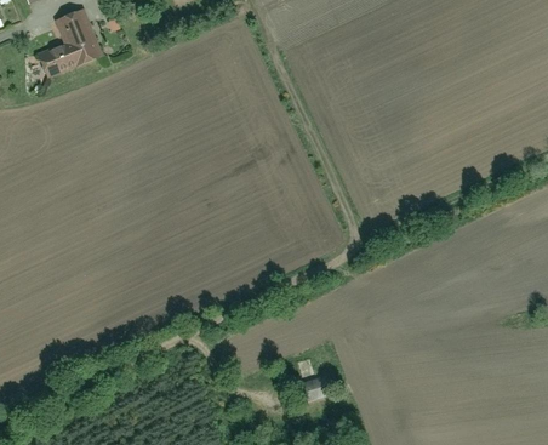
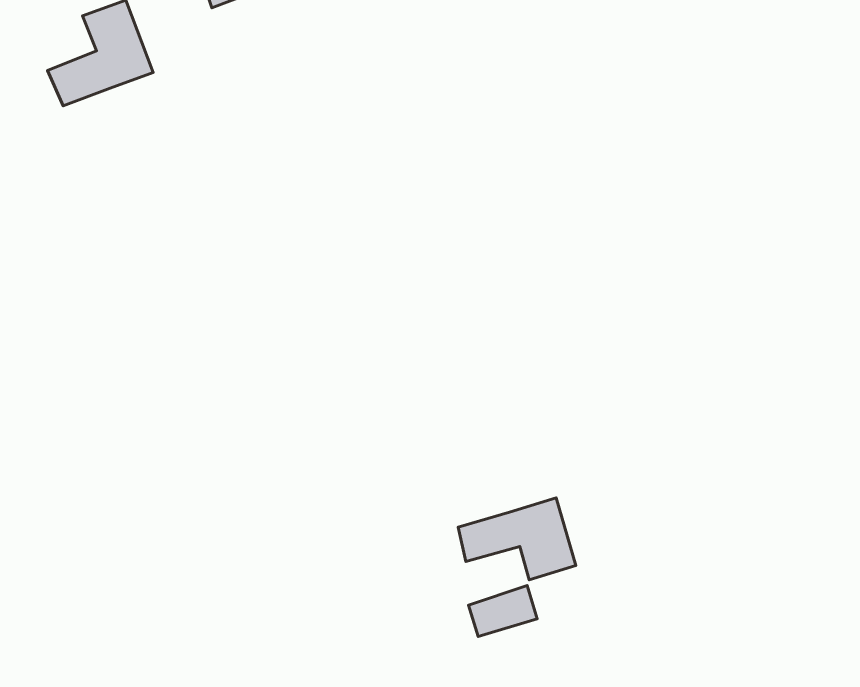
building: none -> [458,498,576,580]

